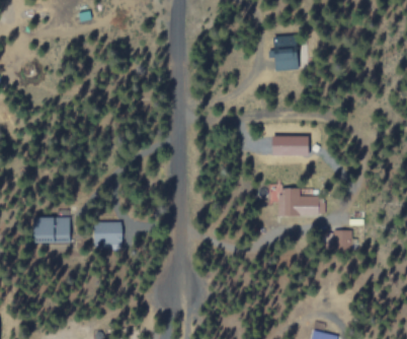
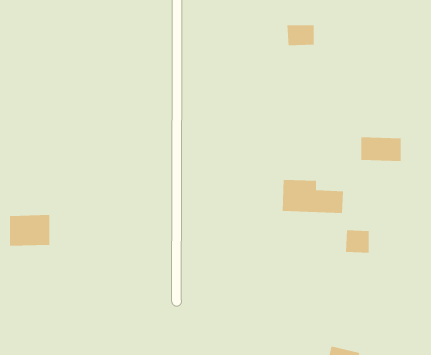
building: [272,135,308,156] -> [361,137,402,161]
building: [95,221,120,249] -> none

